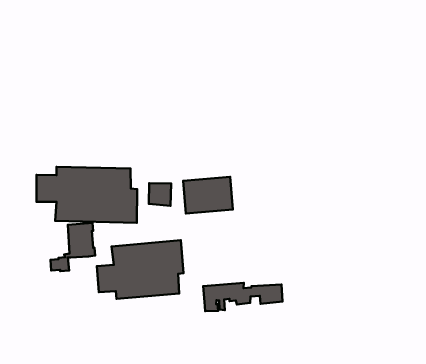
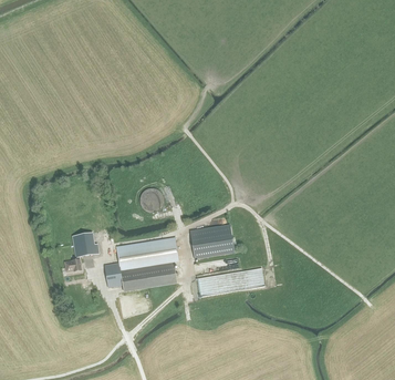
building: [36,167,137,223] -> none
building: [183,177,233,213] -> [189,225,233,259]

